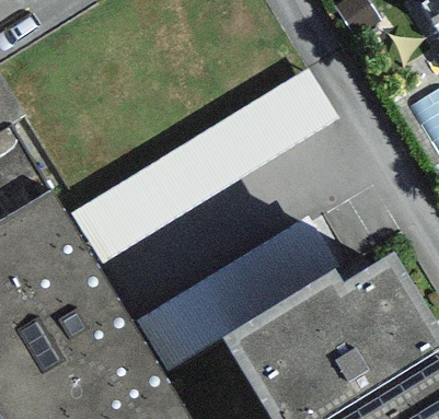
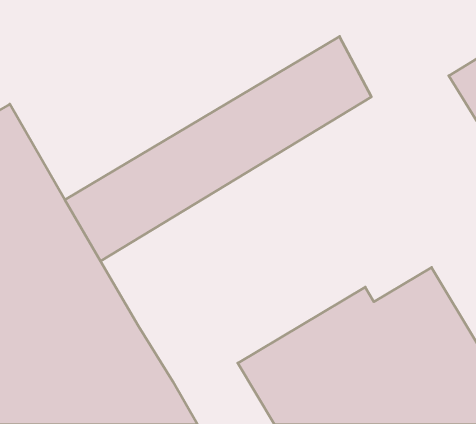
building: [131,218,337,375] -> none

